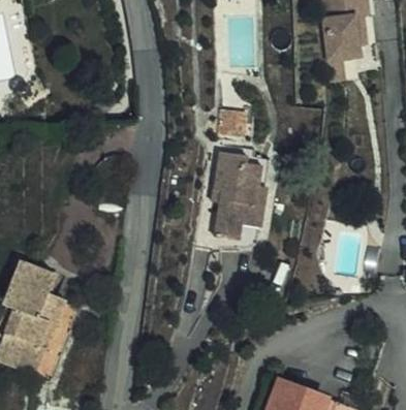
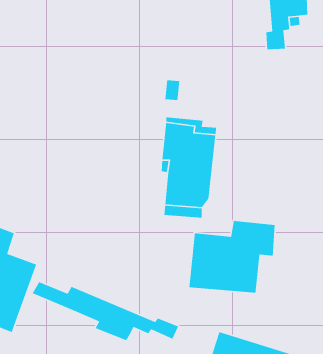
building: none -> [189,220,276,293]
building: none -> [32,281,179,341]

